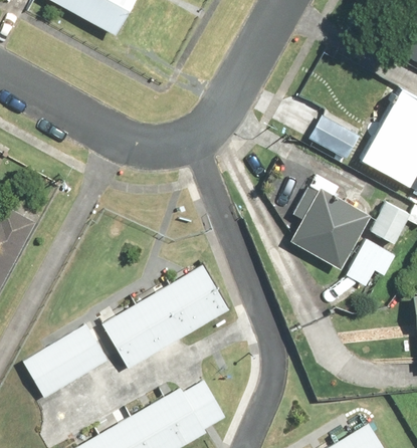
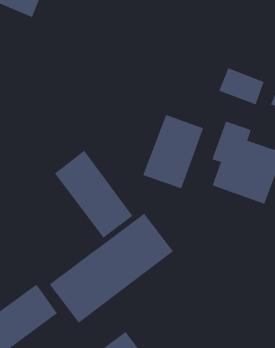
building: none -> [143,114,204,189]
building: none -> [54,150,133,239]

